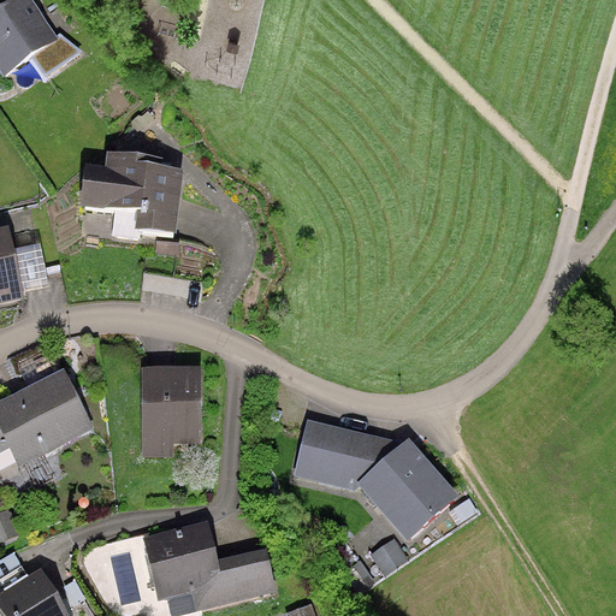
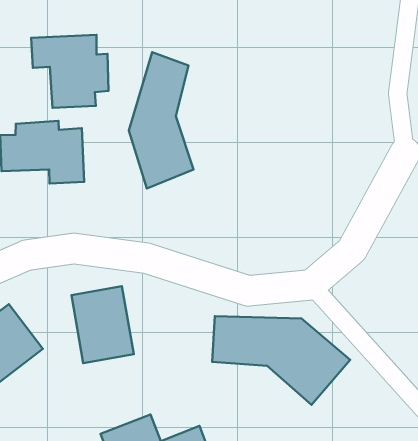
building: none -> [31,35,108,108]
building: none -> [129,52,193,189]

